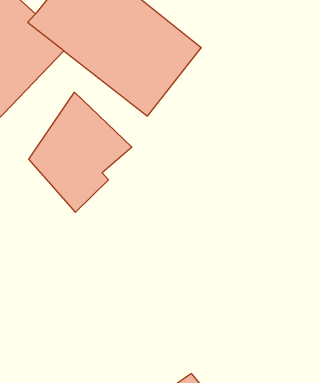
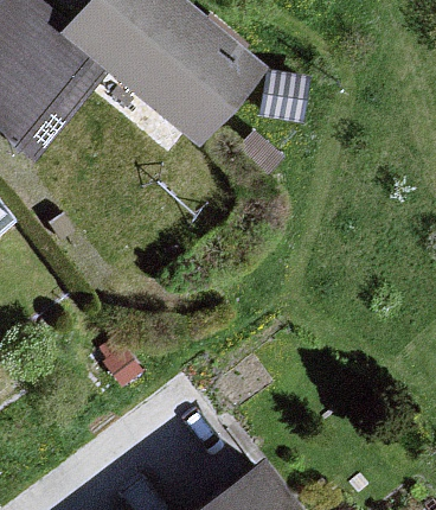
building: [29,92,132,212] -> none

